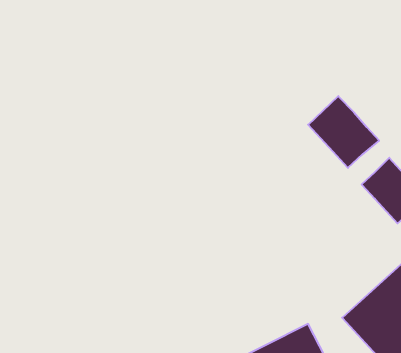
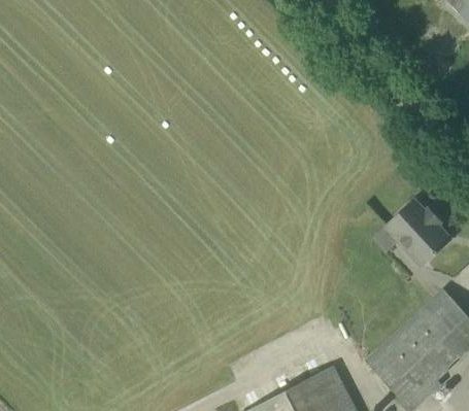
building: [308,96,379,168] -> none

